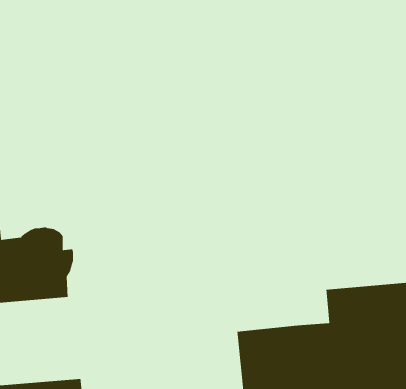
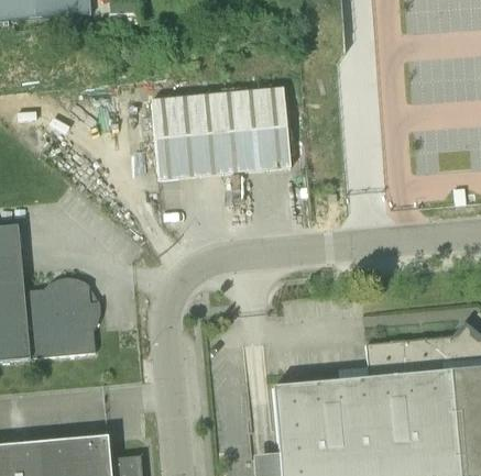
building: none -> [150,89,289,180]

